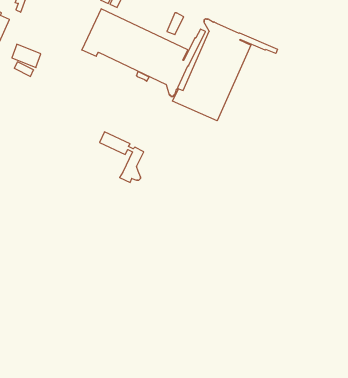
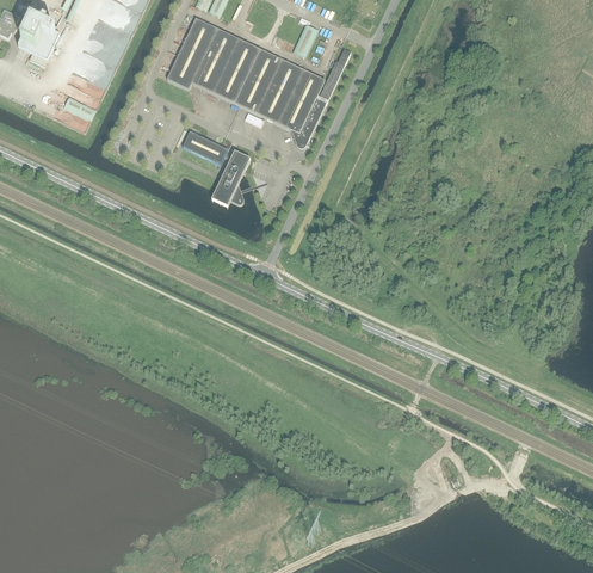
building: [172,19,278,121] -> none
building: [100,132,144,182] -> [181,129,247,204]

